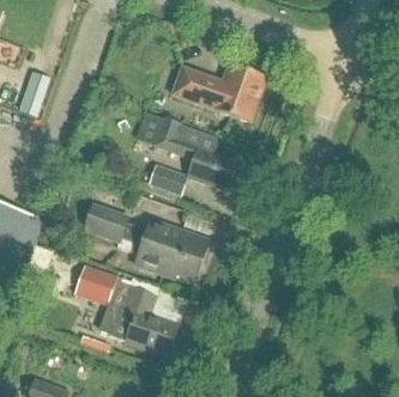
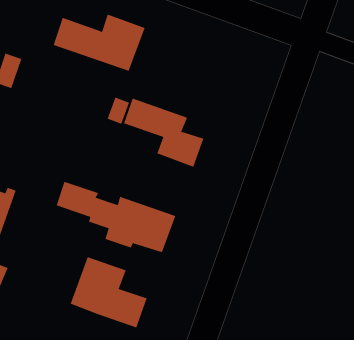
building: [171,61,267,121] -> [53,14,145,72]
building: [139,163,187,200] -> none
building: [61,262,117,303] -> none

